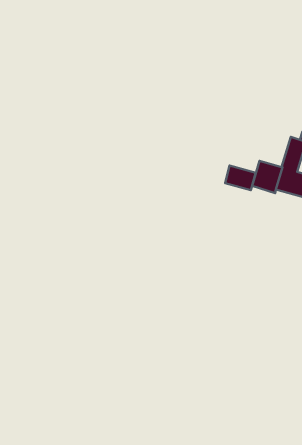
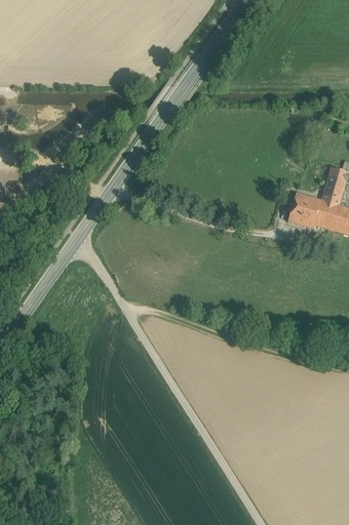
building: [225,165,256,190] -> none

